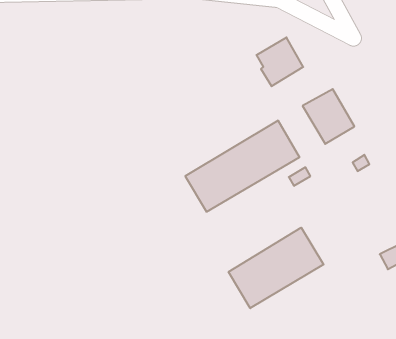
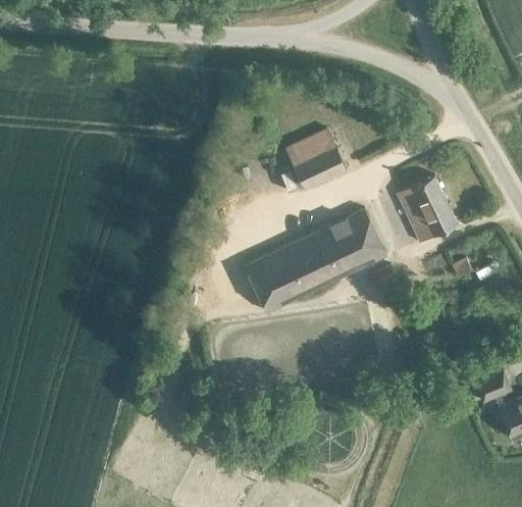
building: [256,37,303,86] -> [289,131,345,189]
building: [229,228,324,308] -> none

